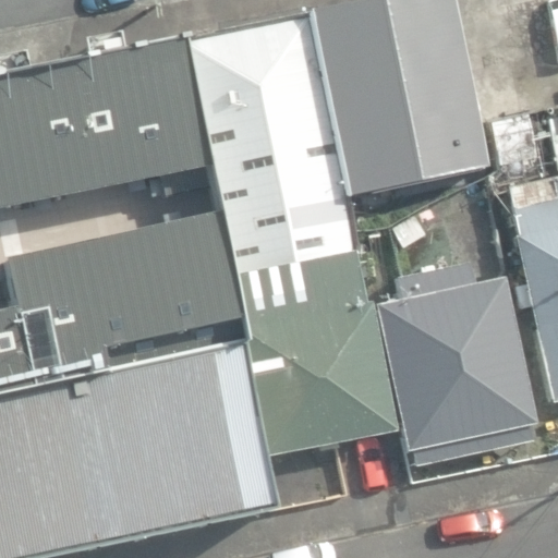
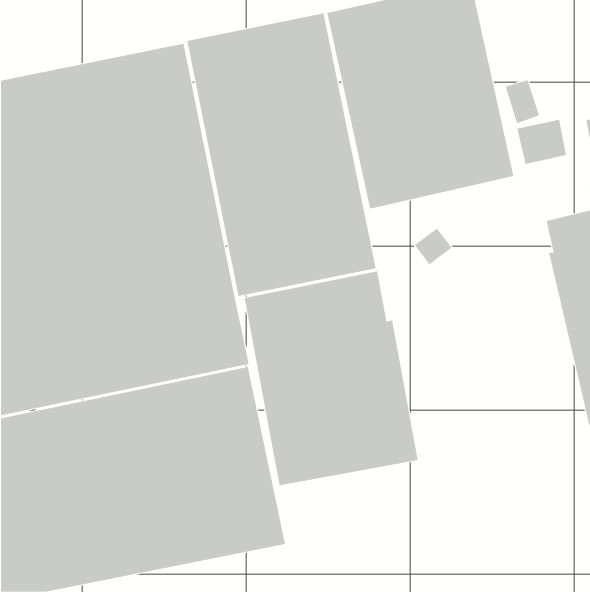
building: [375,260,534,463] -> none

